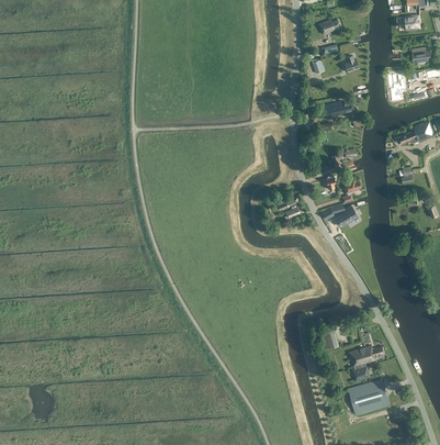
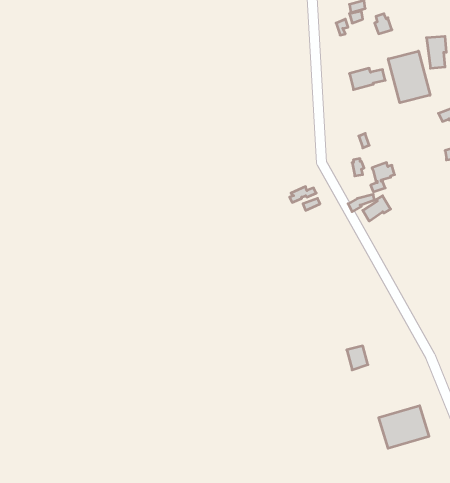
building: none -> [388,51,430,103]
building: [350,346,384,381] -> none

